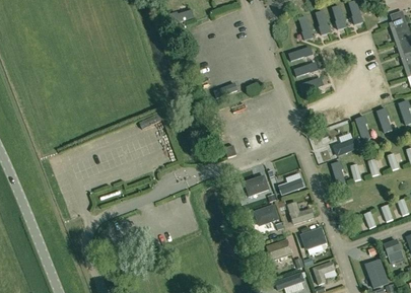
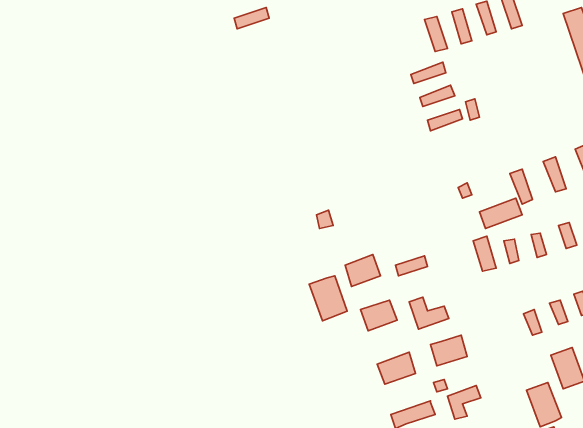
building: none -> [309,276,347,321]

